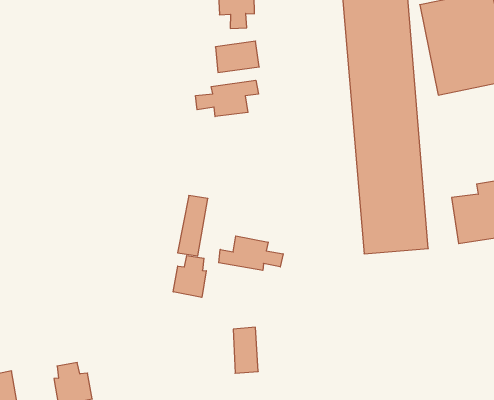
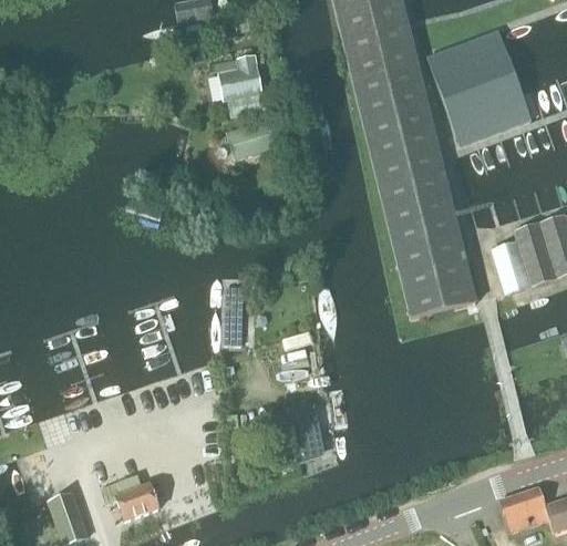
building: [196,80,258,117] -> none
building: [219,236,283,270] -> none
building: [173,256,206,297] -> none

